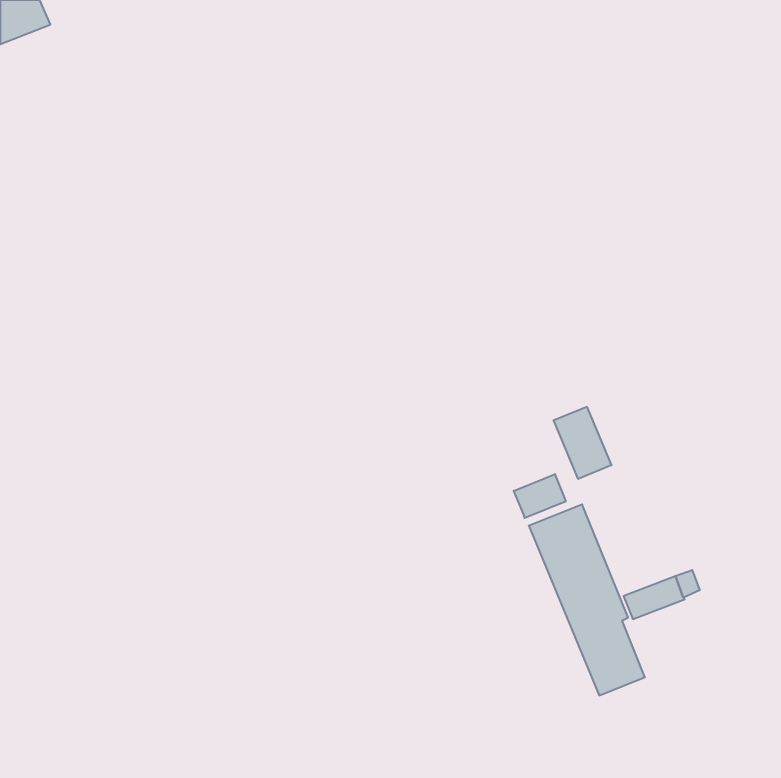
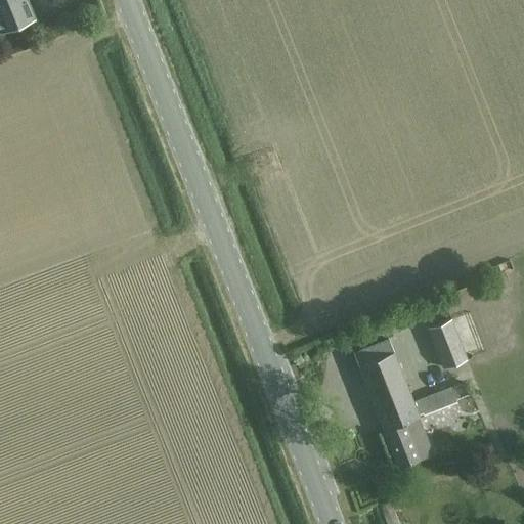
building: [553,407,612,479] -> [428,321,467,369]
building: [514,474,566,518] -> none

